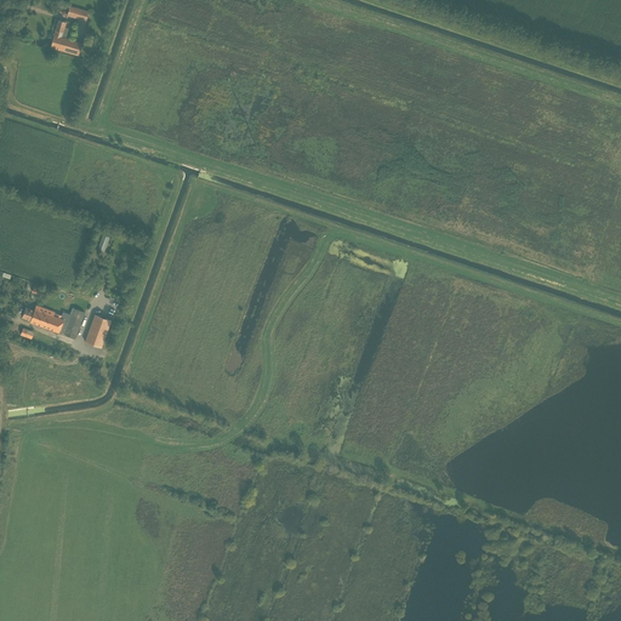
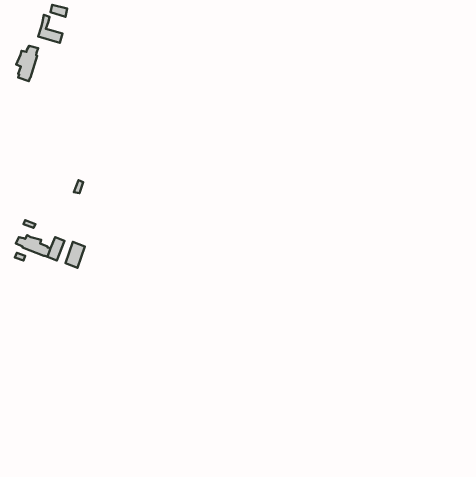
building: none -> [16,46,38,81]

